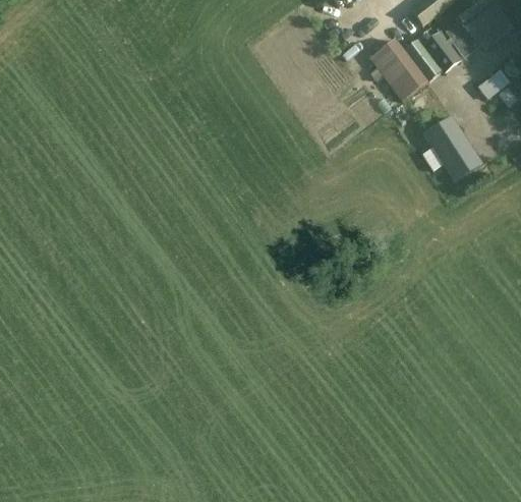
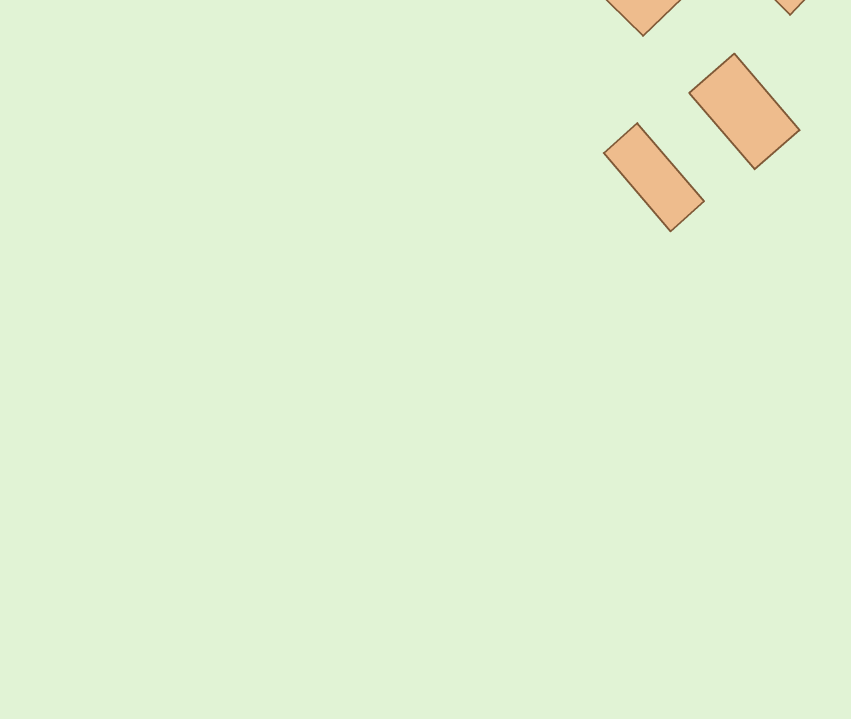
building: none -> [604,123,704,231]

